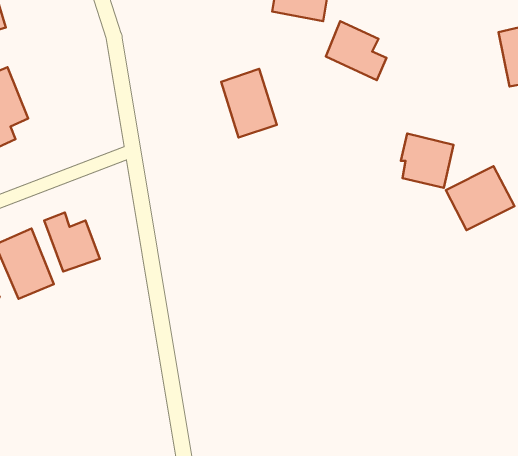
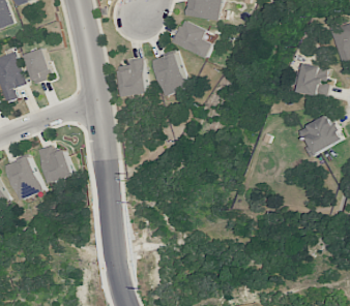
building: [326,21,387,80] -> [171,20,210,58]
building: none -> [23,48,52,83]
building: none -> [117,61,146,96]
building: [401,134,453,188] -> [295,62,329,97]

